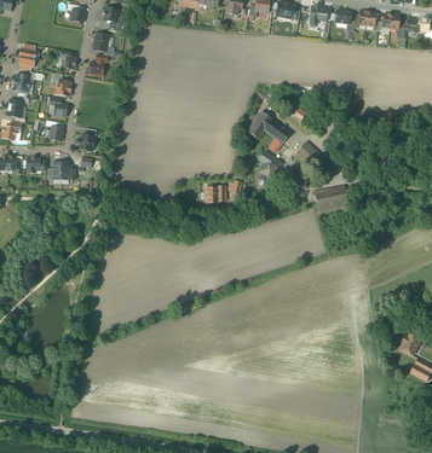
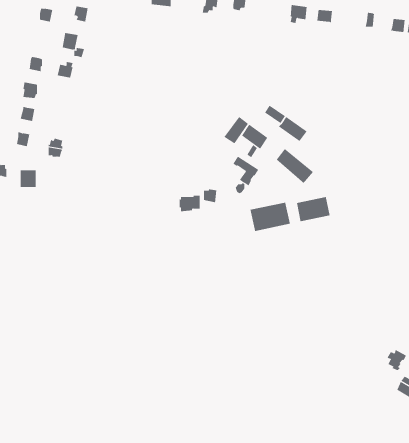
building: none -> [250,202,290,232]

